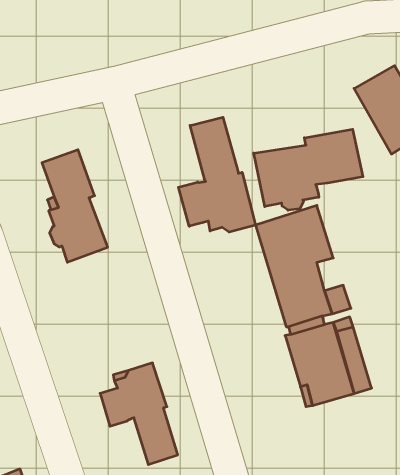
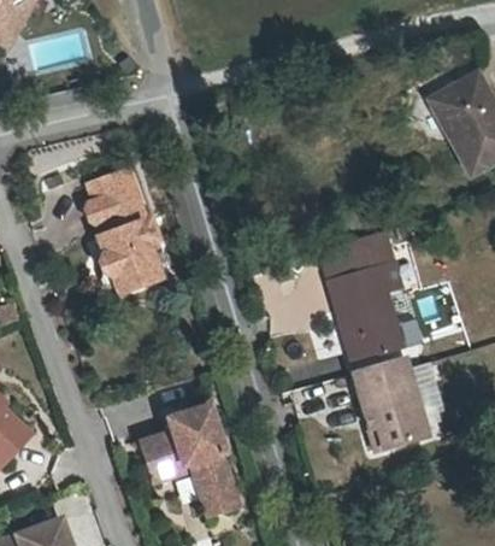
building: [178,117,256,232] -> none
building: [254,129,363,210] -> none

